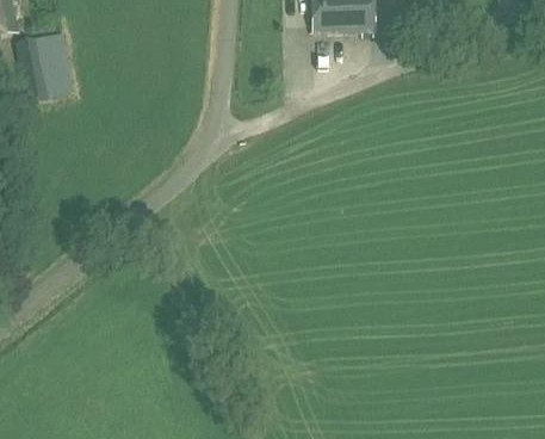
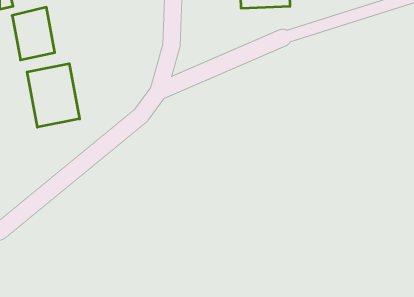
building: none -> [27,64,80,127]

